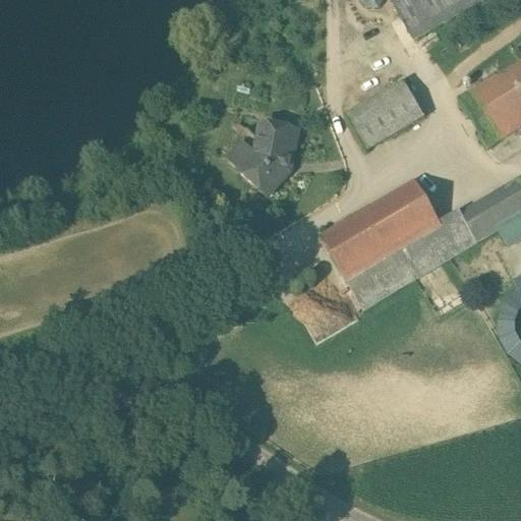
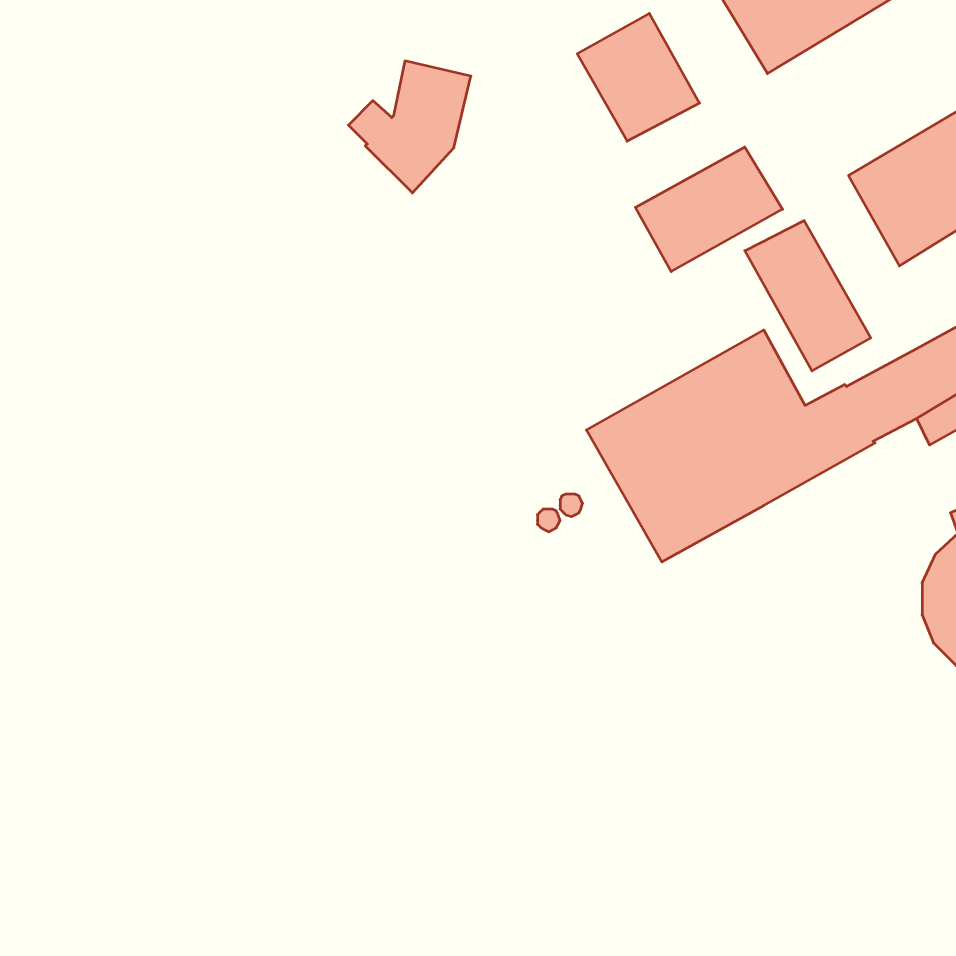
building: none -> [577,13,700,141]
building: none -> [745,221,871,371]
building: [233,119,299,190] -> [348,61,471,193]

